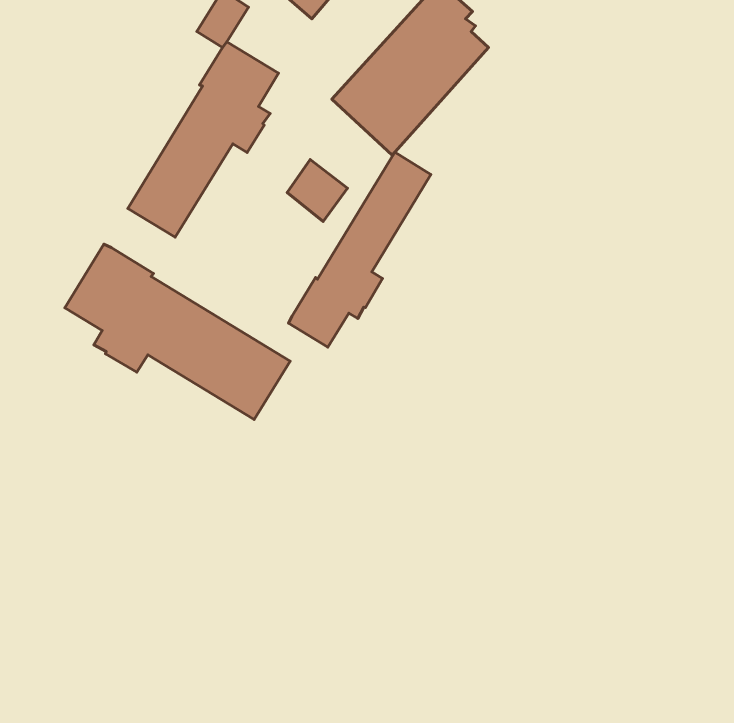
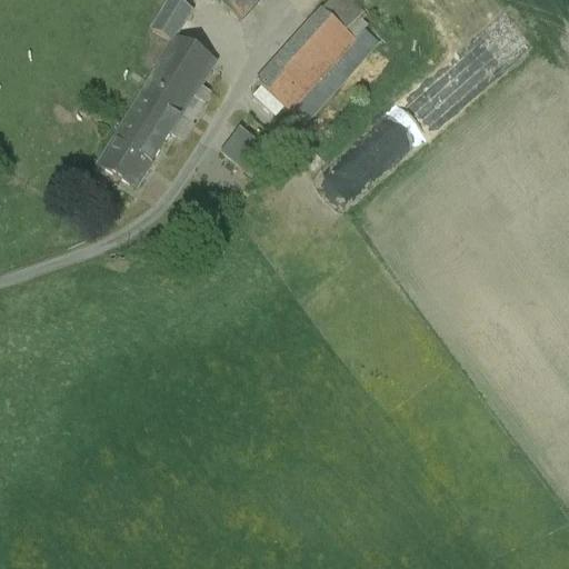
building: [288,152,431,347] -> none
building: [65,244,290,419] -> none

